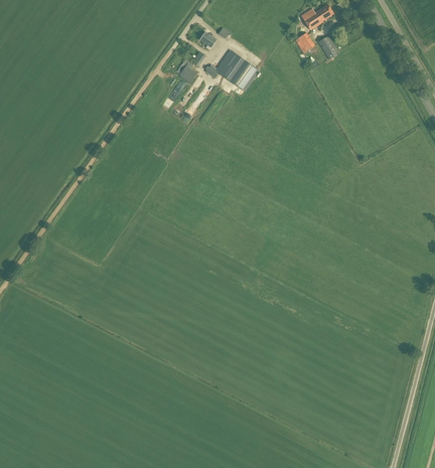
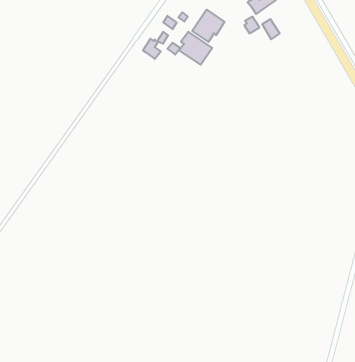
building: none -> [192,10,225,42]

